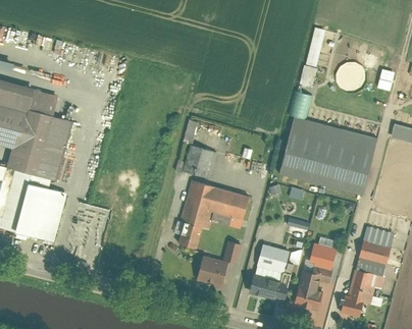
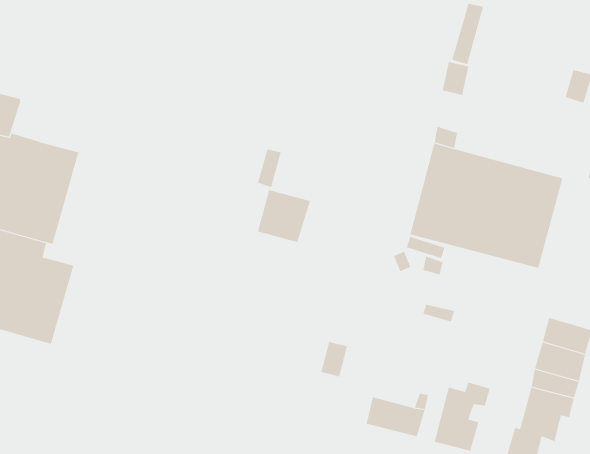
building: [29,90,58,116] -> none
building: [178,179,249,246] -> none
building: [309,242,337,270] -> none
building: [256,244,289,280] -> none
building: [197,256,227,286] -> none

